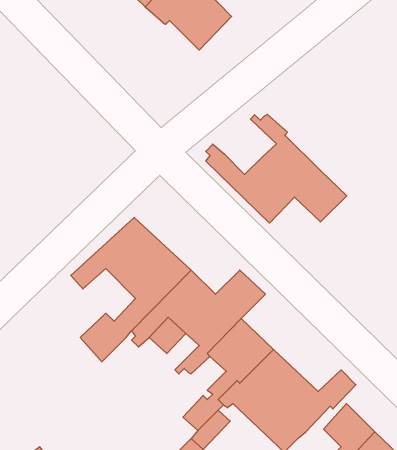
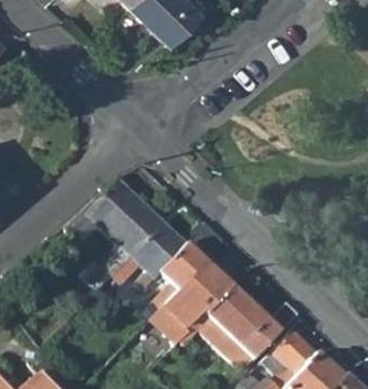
building: [206,114,347,223] -> none

